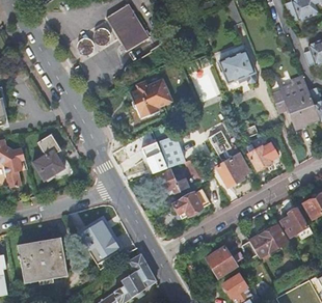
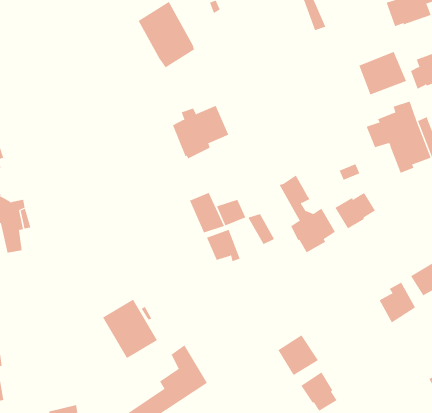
building: [219,49,254,81] -> [358,51,407,95]
building: [33,132,74,180] -> none
building: [173,192,203,218] -> none
building: [241,223,288,257] -> none
building: [19,236,69,282] -> none

